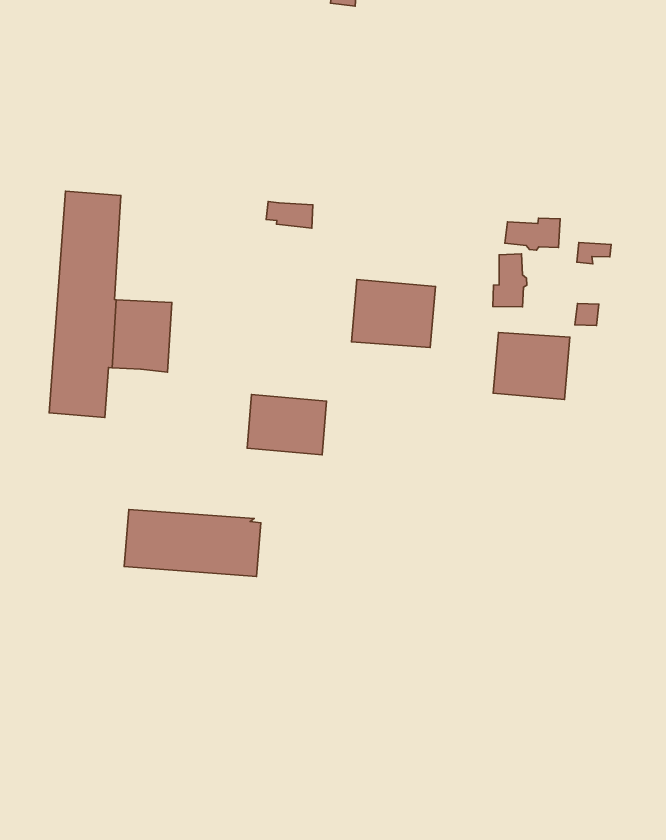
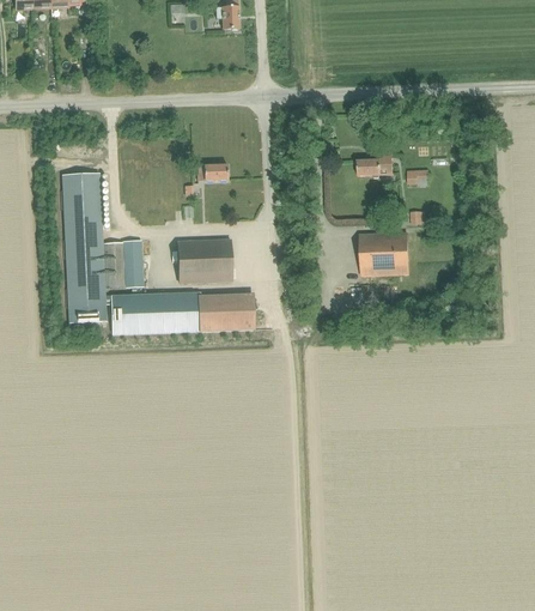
building: [493,254,527,307] -> none
building: [352,279,435,347] -> [177,238,231,282]
building: [124,509,261,576] -> [111,291,201,333]

